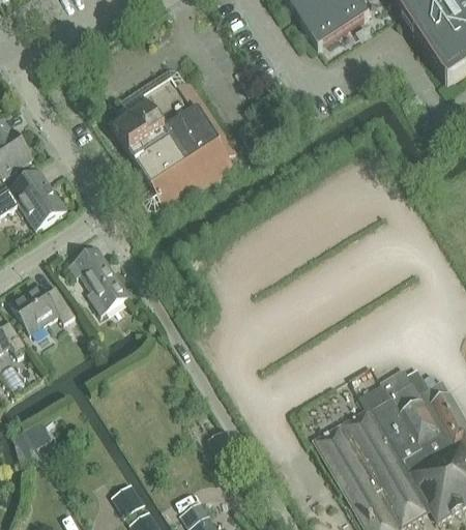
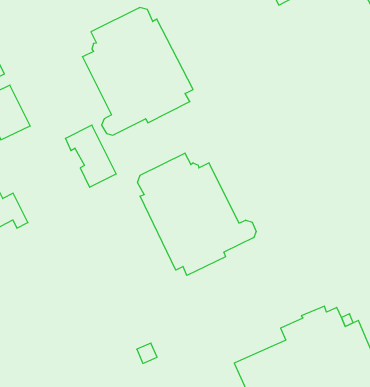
building: none -> [138,153,256,275]
building: [67,247,126,315] -> [65,125,116,187]

